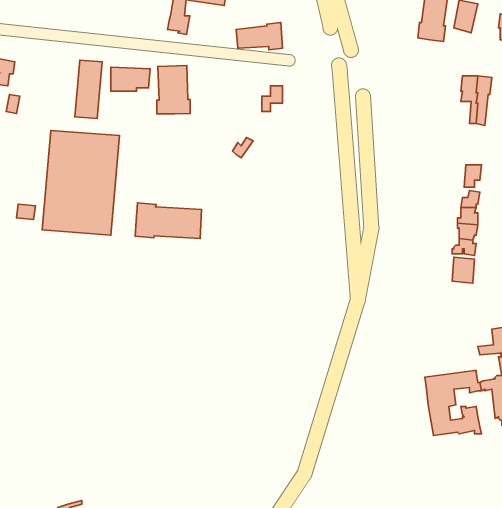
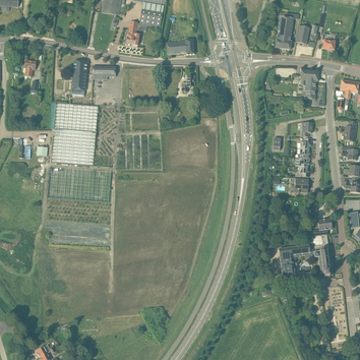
building: [157,66,190,114] -> none
building: [135,203,202,238] -> none

